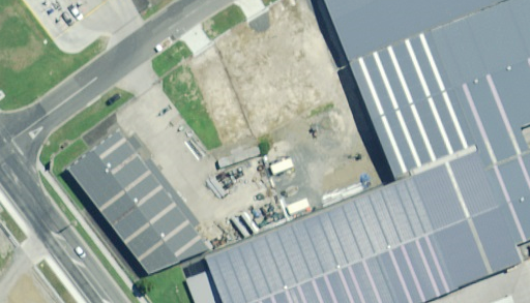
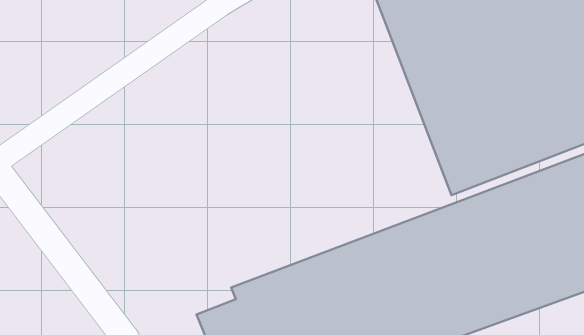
building: [60,129,209,275] -> none

